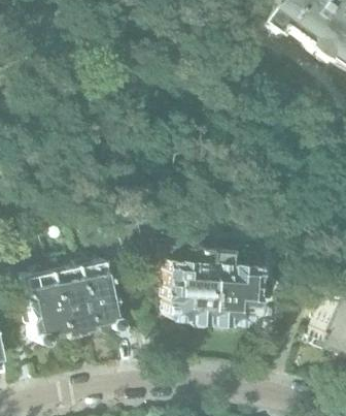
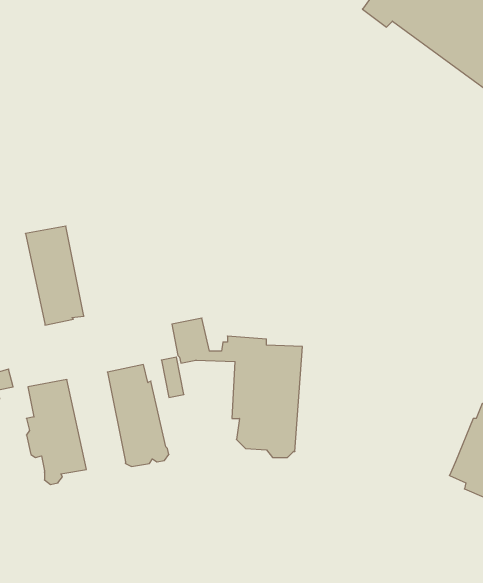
building: [212,251,274,329] -> none
building: [56,268,96,337] -> [25,226,84,325]

